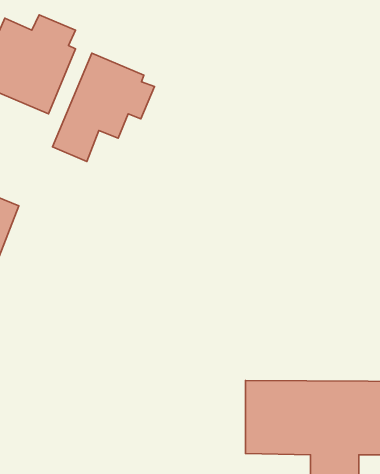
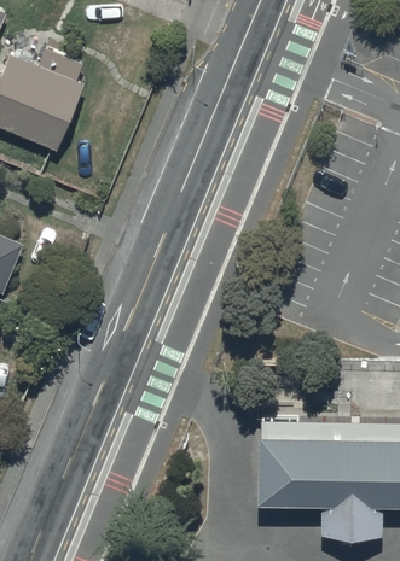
building: [53,53,154,161] -> none

